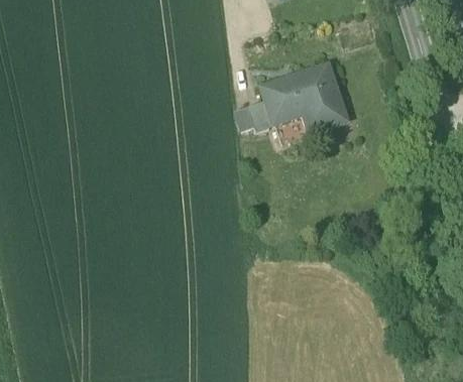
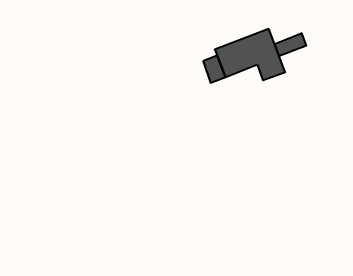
building: none -> [275,33,306,56]

